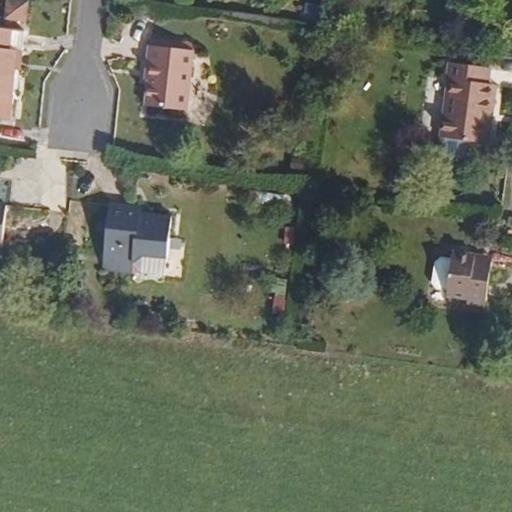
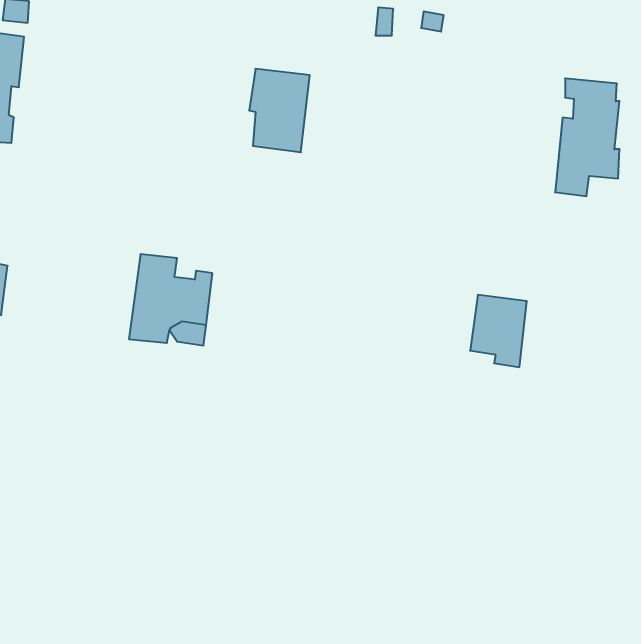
building: [140,51,188,117] -> [249,69,310,152]
building: [449,249,494,306] -> [470,295,527,367]

